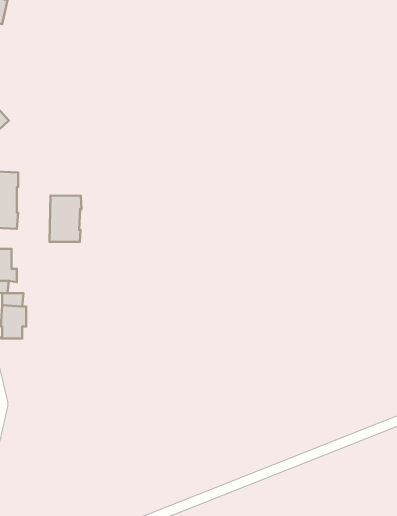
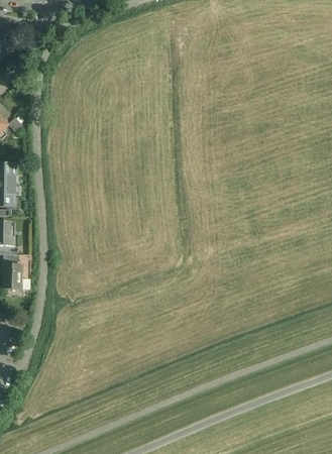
building: [49,196,82,242] -> none

